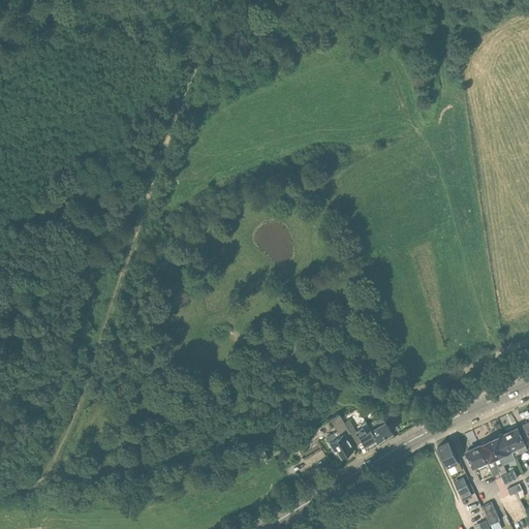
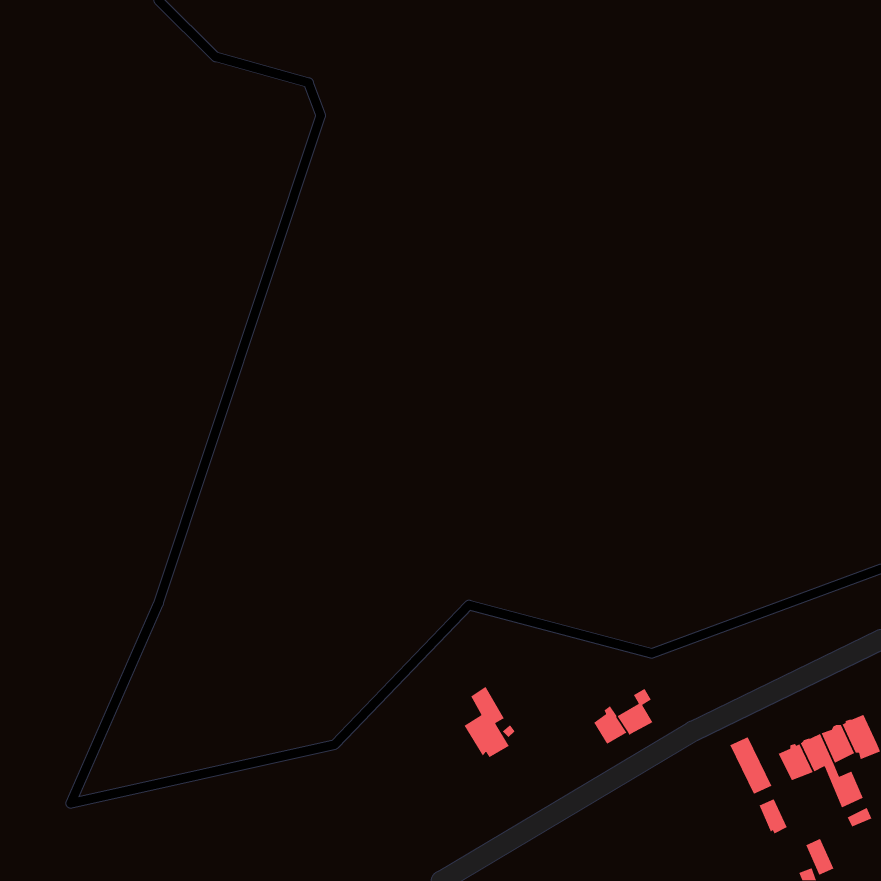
building: [325,414,353,458] -> [463,686,510,758]

